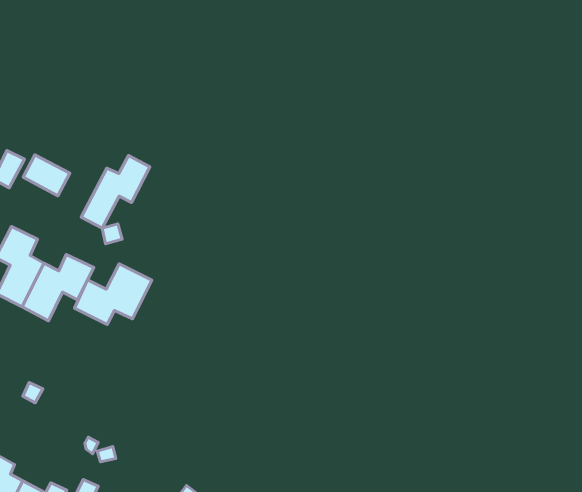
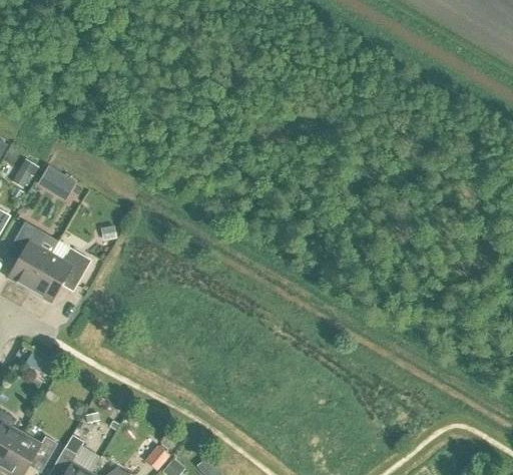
building: [81,156,150,228] -> none
building: [74,264,152,324] -> none

